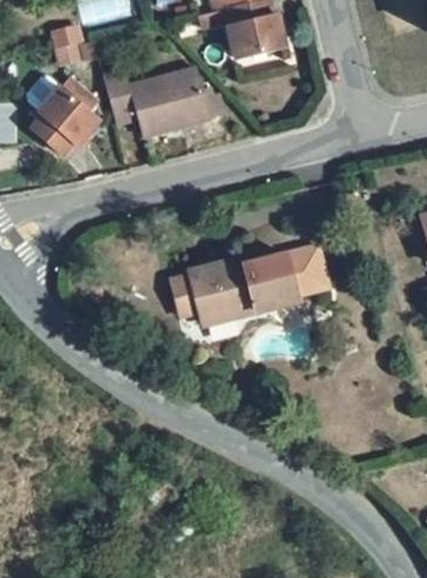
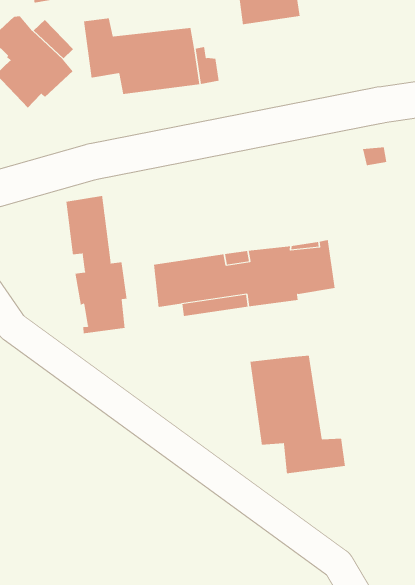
building: none -> [66,195,127,334]
building: none -> [250,355,345,474]

